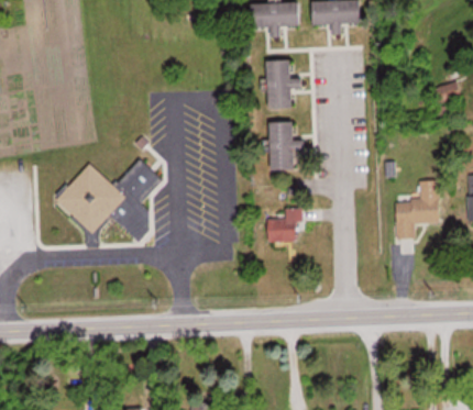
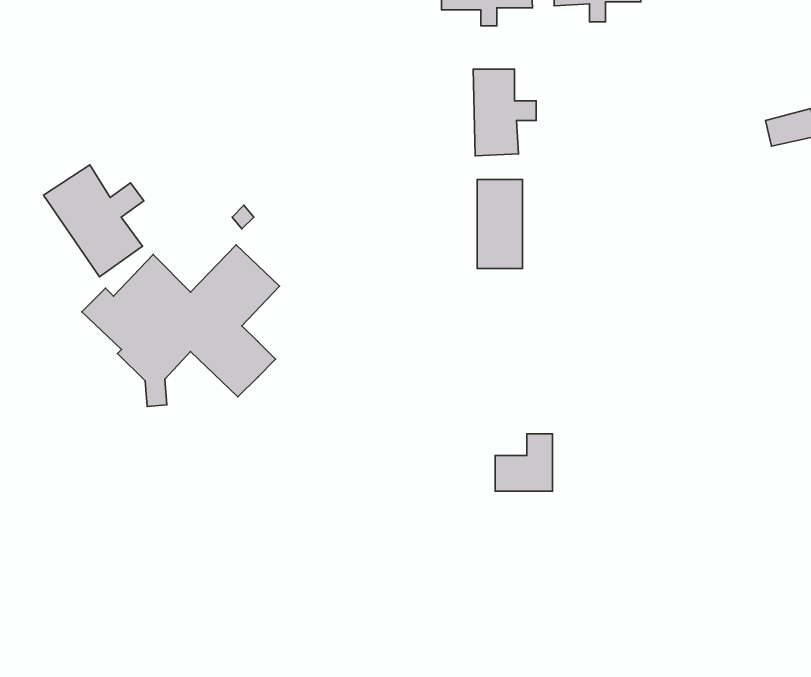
building: none -> [44,165,144,277]
building: [395,180,439,239] -> none
building: [267,209,299,241] -> [495,434,553,491]

